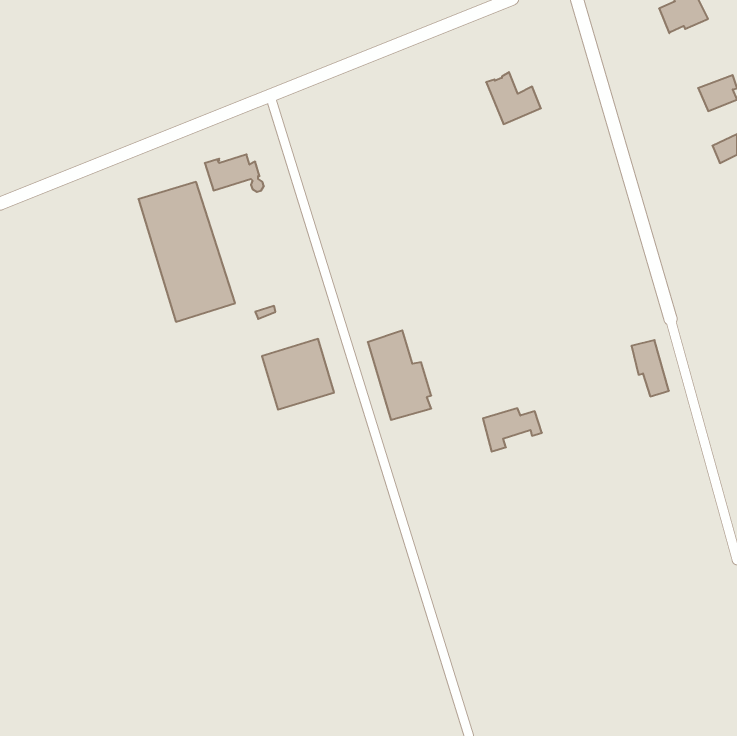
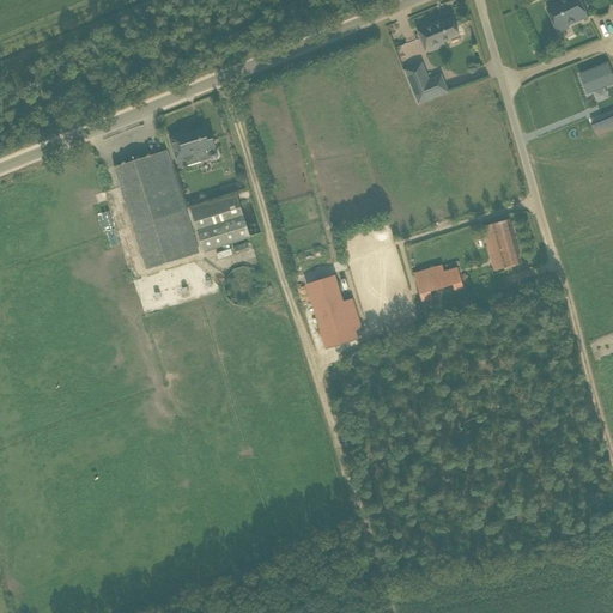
building: none -> [418,17,460,50]
building: [262,339,334,410] -> [190,193,250,251]
building: [631,340,669,396] -> [490,219,521,266]
building: [483,408,542,452] -> [414,265,463,301]

